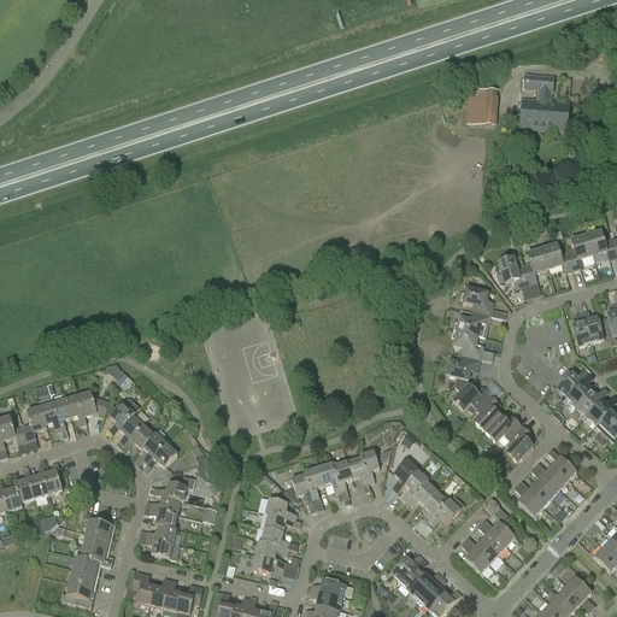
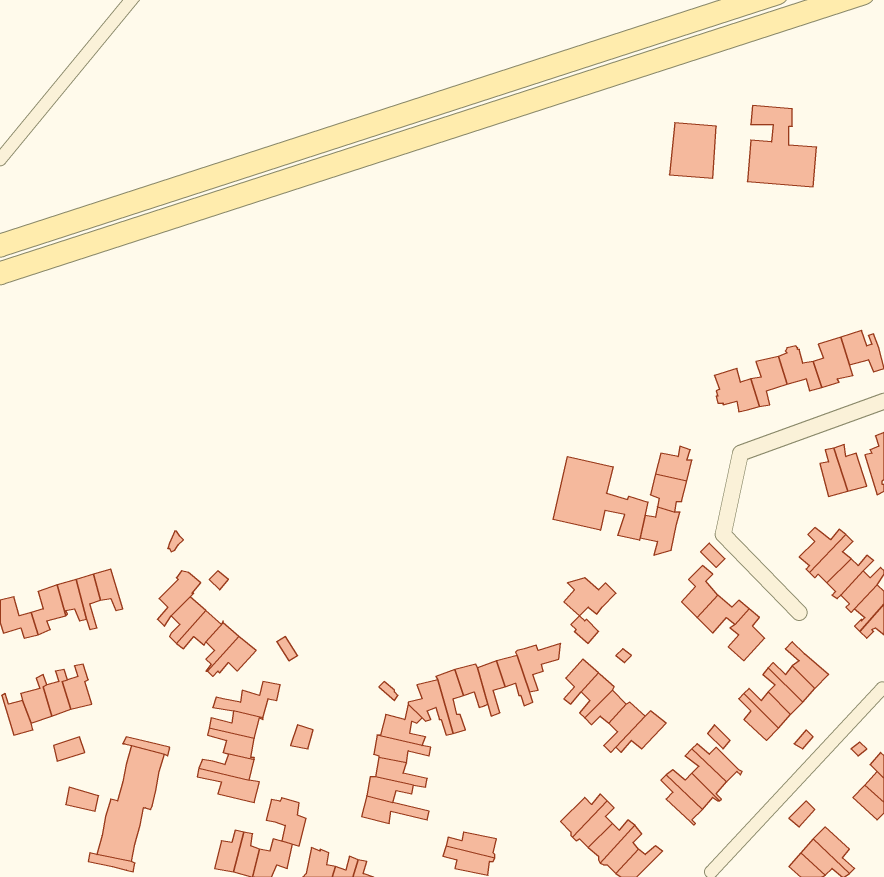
building: [463,283,493,316] -> none
building: none -> [553,457,648,540]
building: [453,383,489,410] -> [564,578,616,616]
building: [77,393,111,424] -> none
building: [127,571,154,605] -> [266,798,306,846]

